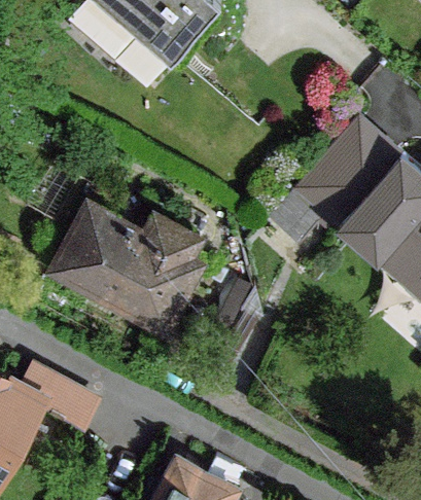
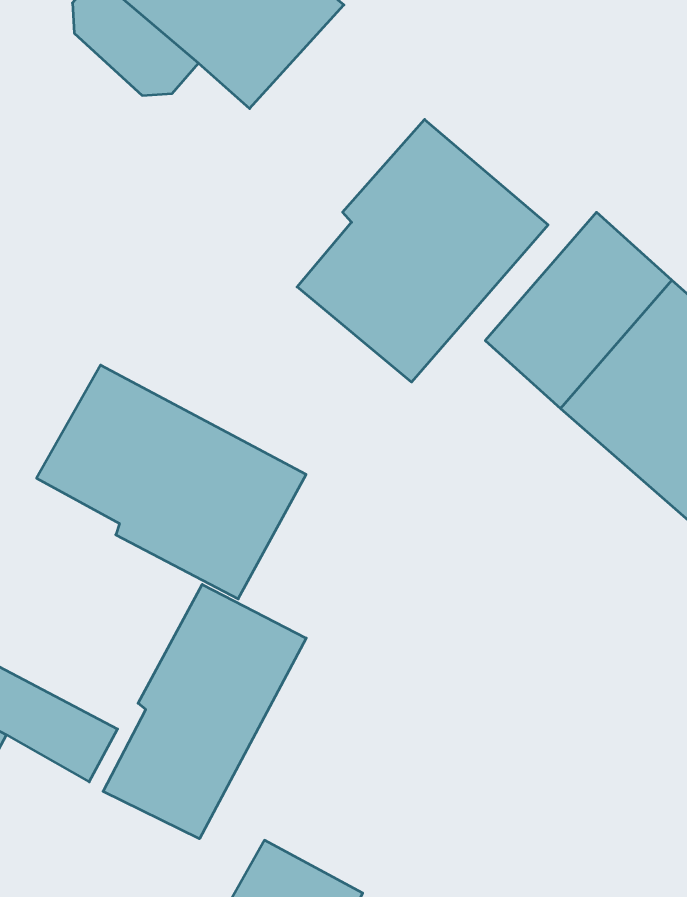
building: none -> [297,119,548,382]
building: none -> [103,584,306,839]

